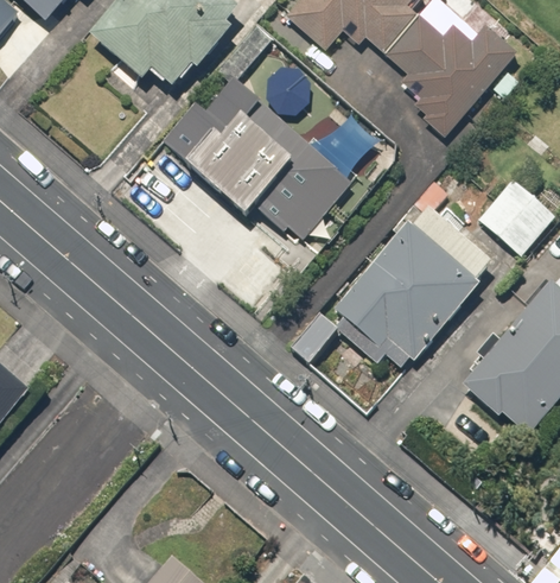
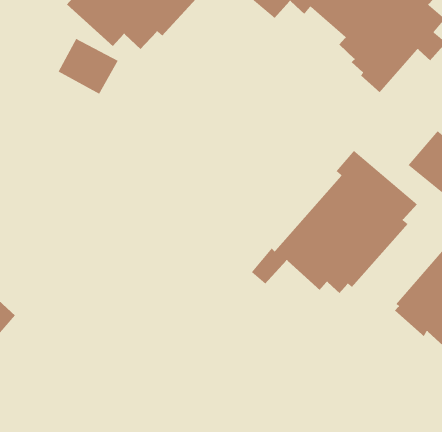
building: [159,70,356,247] -> none
building: none -> [58,38,119,95]

